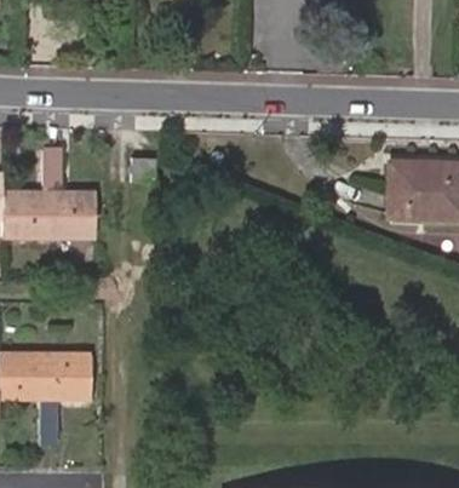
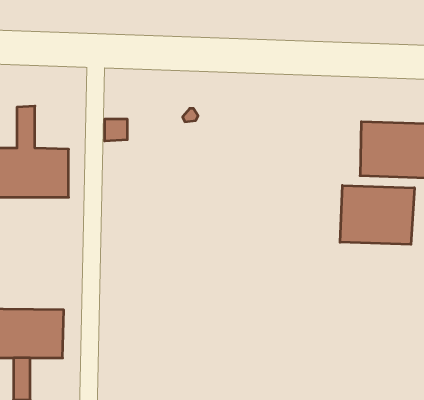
building: none -> [340,185,414,244]

